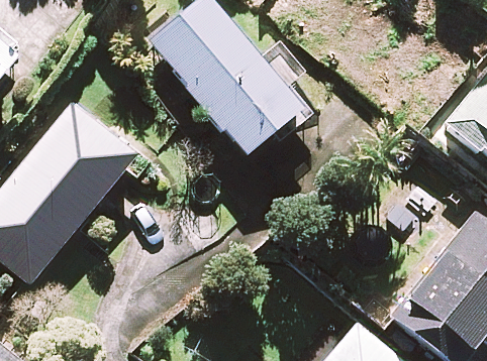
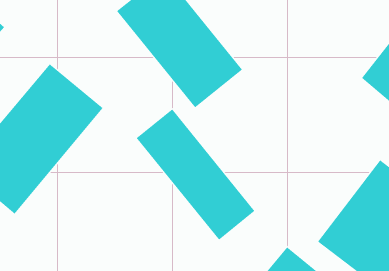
building: none -> [136,109,255,241]

